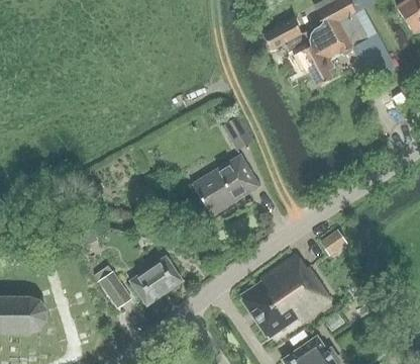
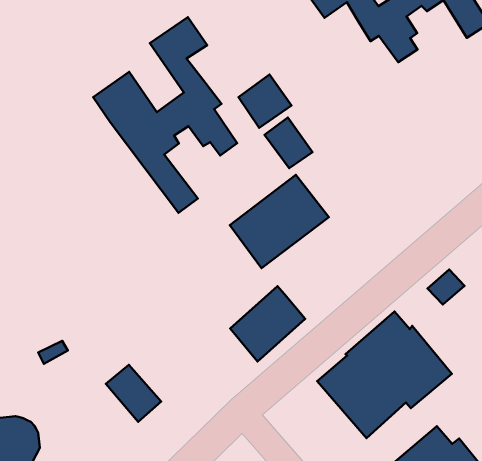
building: none -> [93,17,237,213]
building: none -> [238,74,291,128]
building: [130,256,182,305] -> [230,286,305,361]

